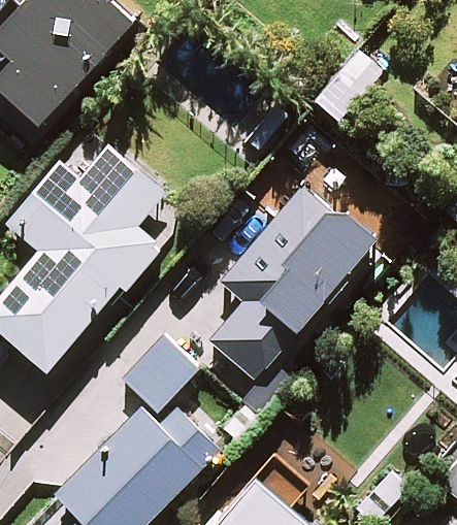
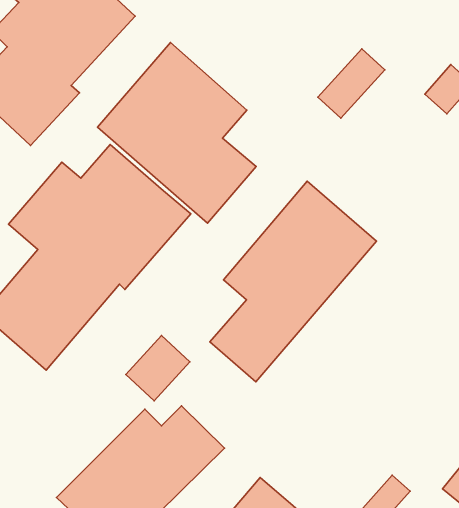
building: none -> [97,43,256,223]

